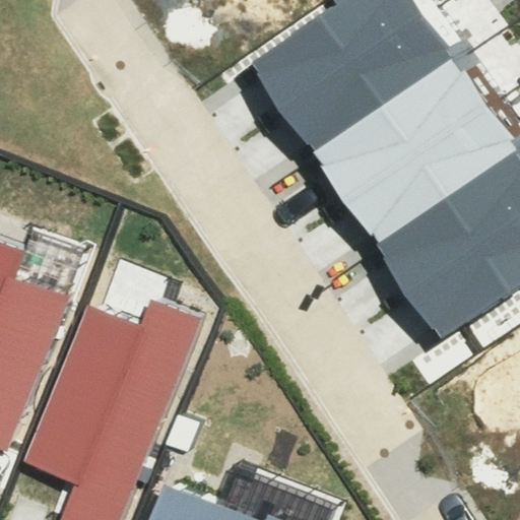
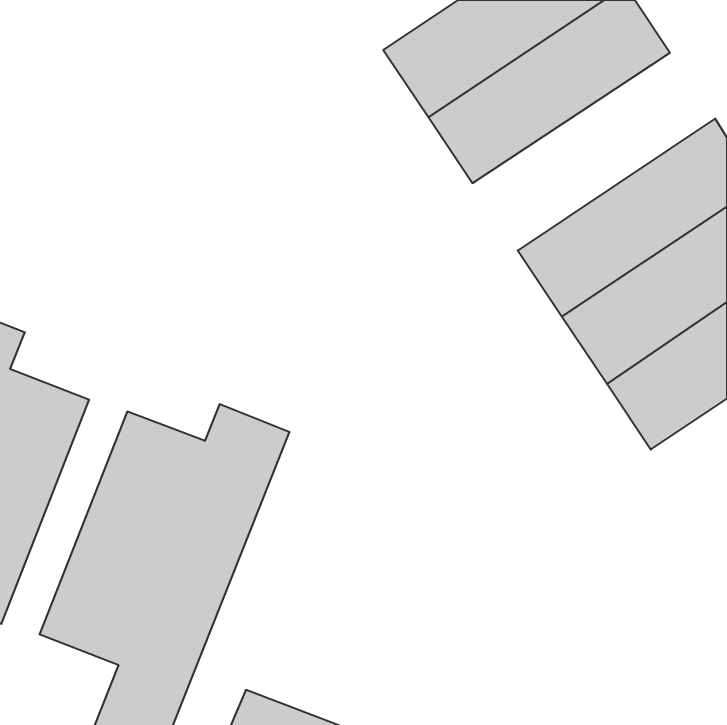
building: [328,53,497,190] -> none

